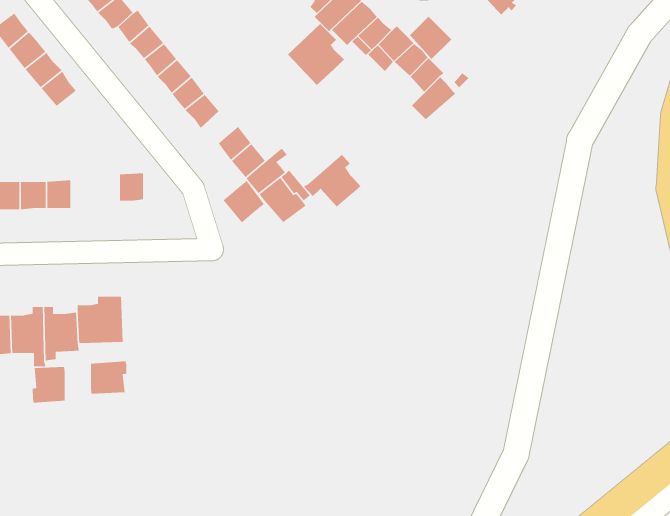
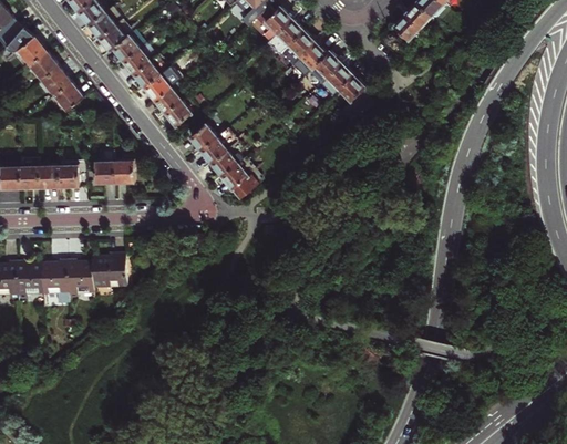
building: [409,16,452,60] -> none
building: [287,23,345,86] -> none
building: [303,154,361,208] -> none
building: none -> [94,149,115,180]
building: [222,180,265,223] -> none
building: [90,361,127,394] -> none
building: [32,366,65,403] -> none

